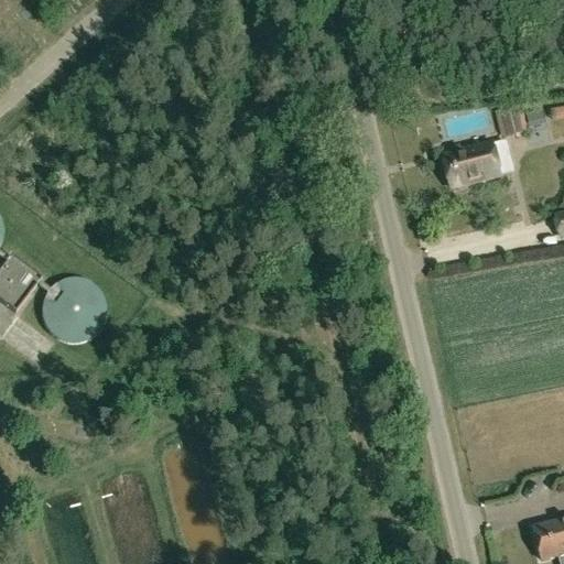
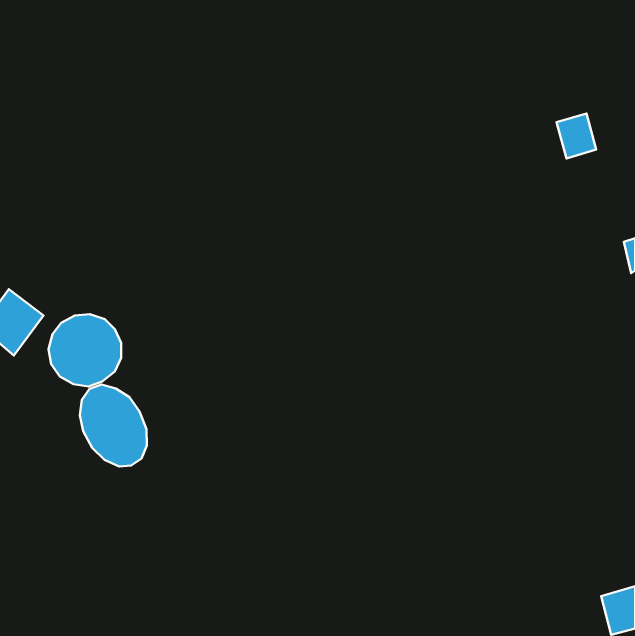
building: [441,141,510,188] -> none
building: none -> [80,385,147,467]

